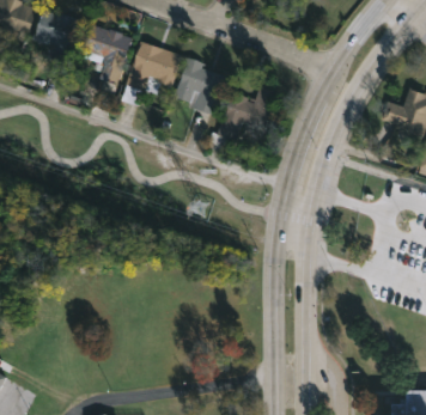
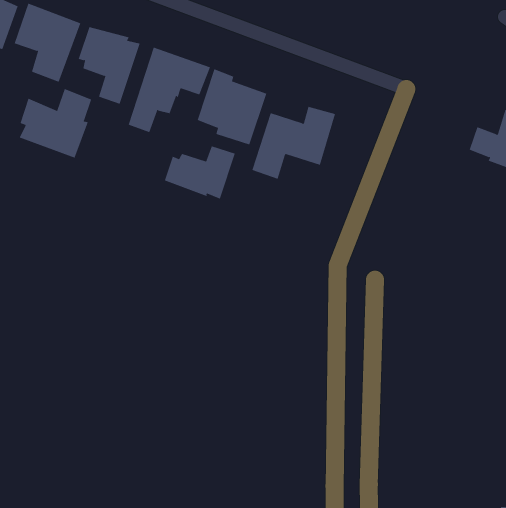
building: none -> [19,88,92,158]
building: none -> [164,146,236,199]

